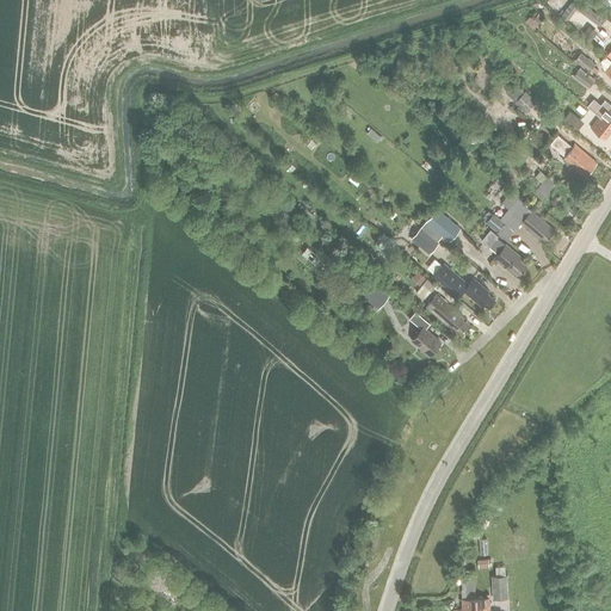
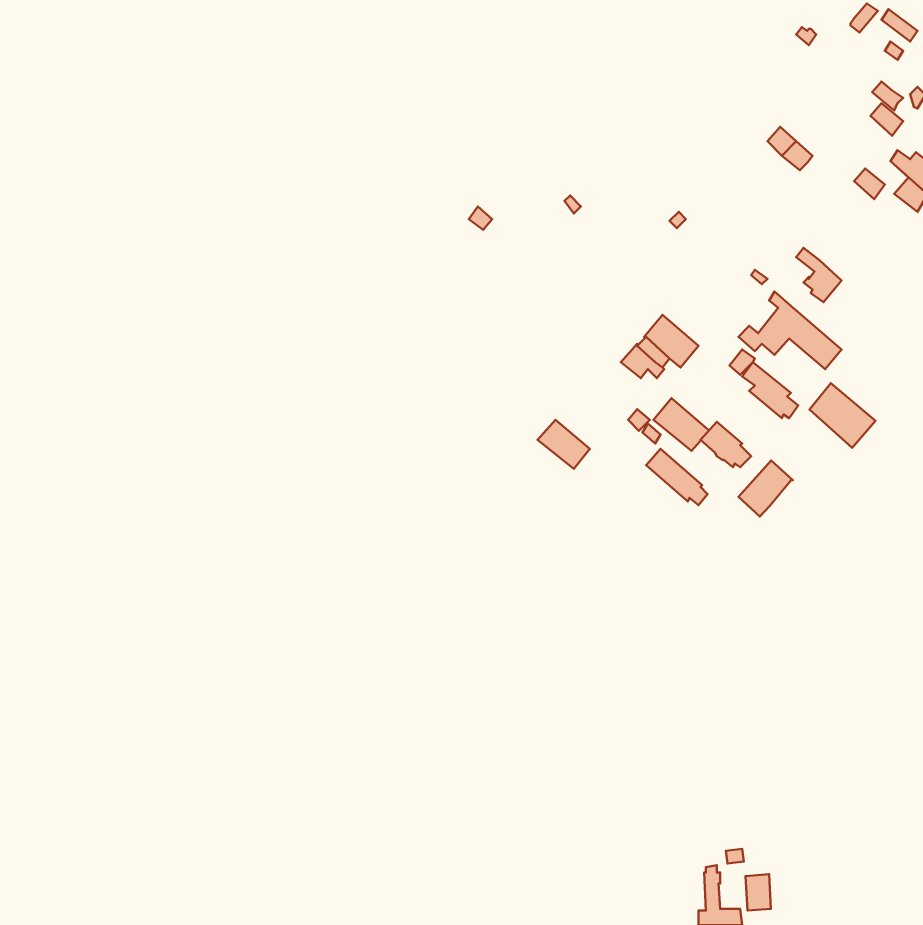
building: [550,136,595,175] -> none
building: none -> [810,383,876,448]
building: none -> [738,460,793,516]
building: [411,311,442,357] -> none

